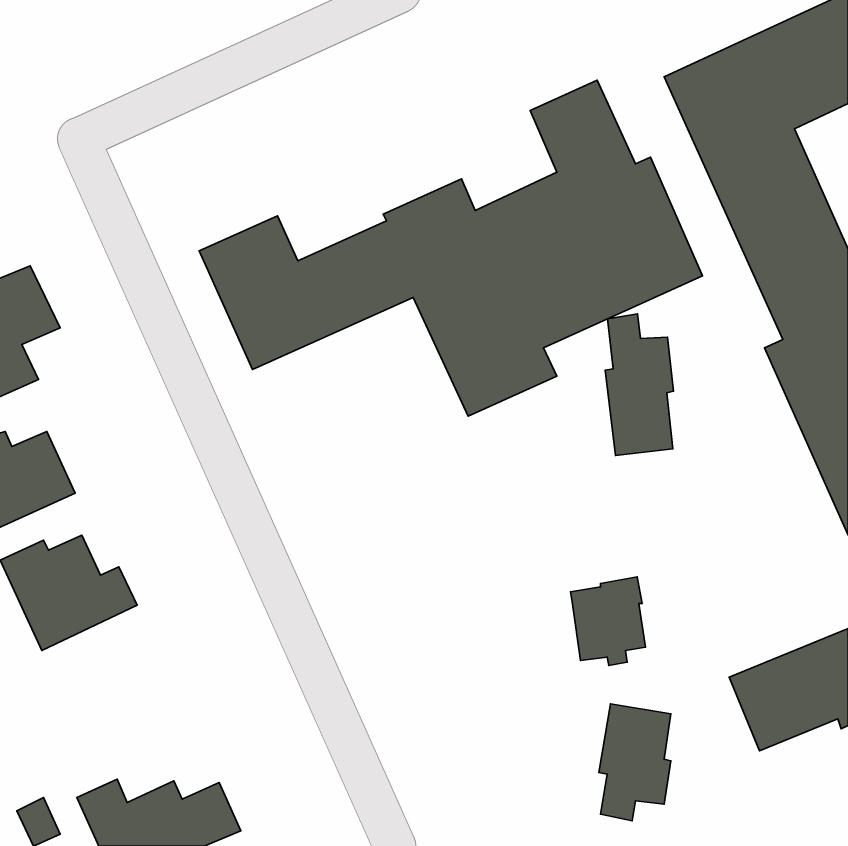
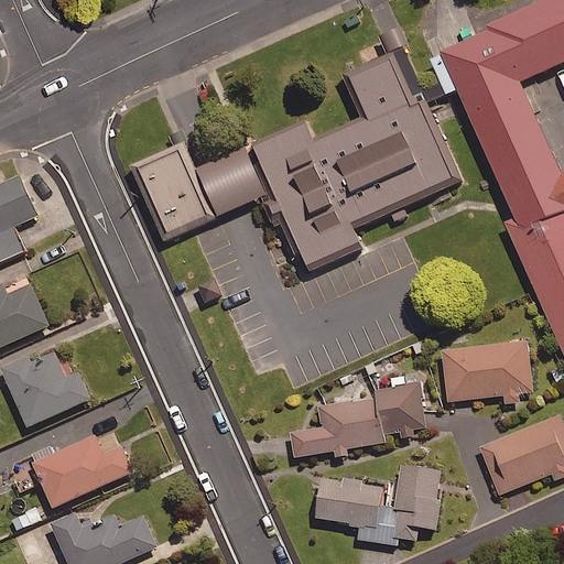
building: [605,314,673,456] -> none
building: none -> [442,340,533,403]
building: none -> [291,397,383,457]
building: none -> [33,435,132,508]
building: none -> [315,479,383,528]

